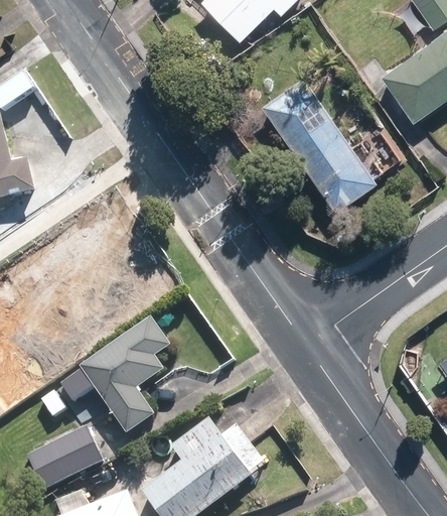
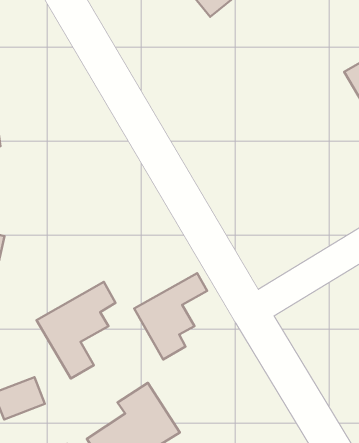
building: [269,88,370,209] -> none
building: none -> [134,273,207,359]

